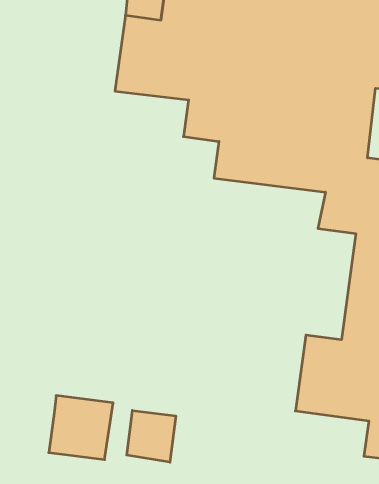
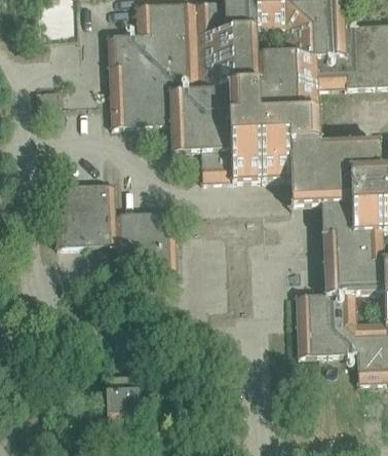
building: none -> [53,184,178,273]
building: [127,410,176,462] -> none

